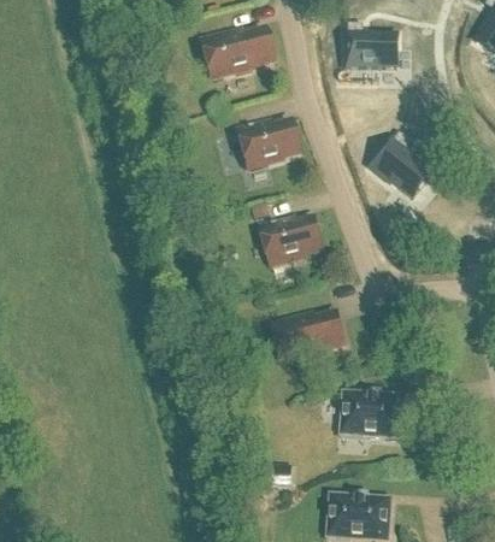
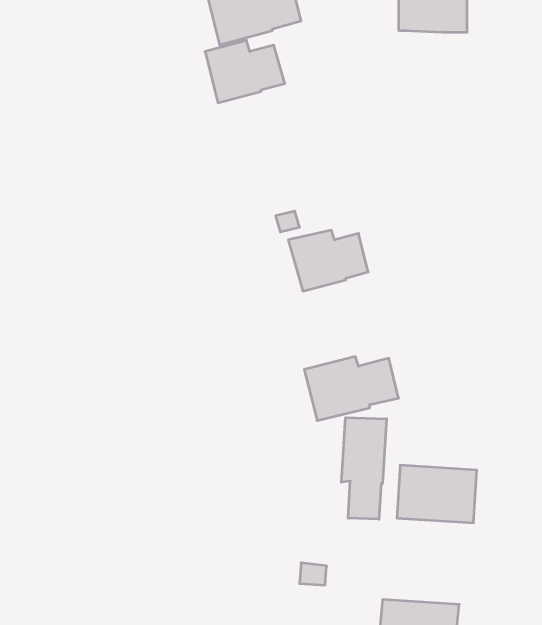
building: [238,120,299,167] -> [205,40,285,103]
building: [372,132,435,199] -> none
building: none -> [341,418,387,519]

